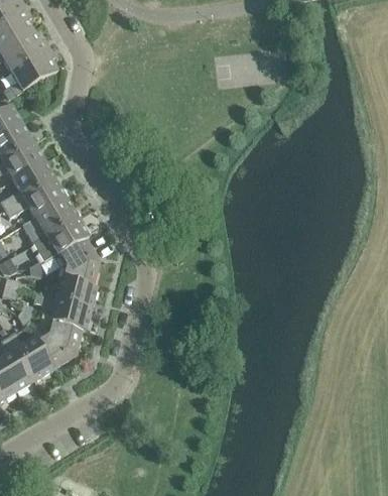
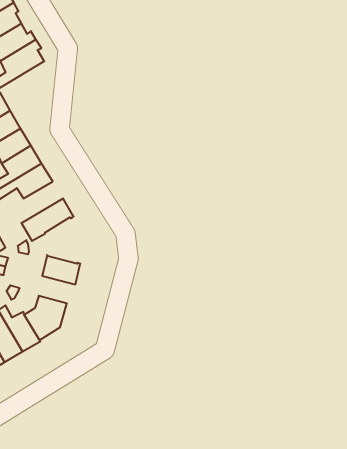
building: [22,199,78,243] -> none
building: [58,237,99,286] -> none
building: [33,294,91,330] -> none

